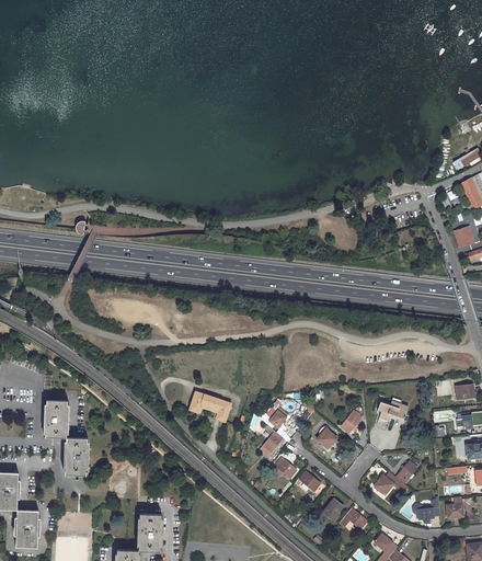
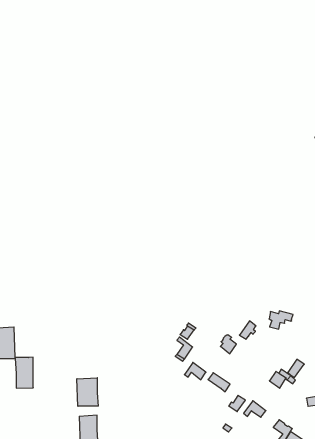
building: [191,392,232,421] -> none
building: none -> [77,378,98,406]

